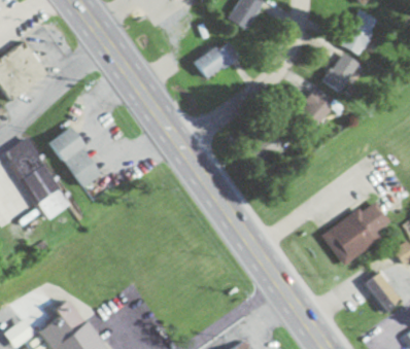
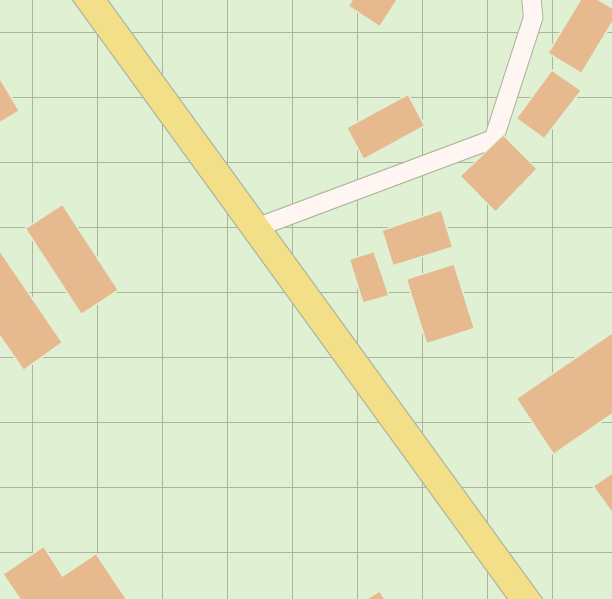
building: [196,41,239,77] -> [347,94,425,159]
building: none -> [349,252,389,303]
building: none -> [406,264,475,344]

